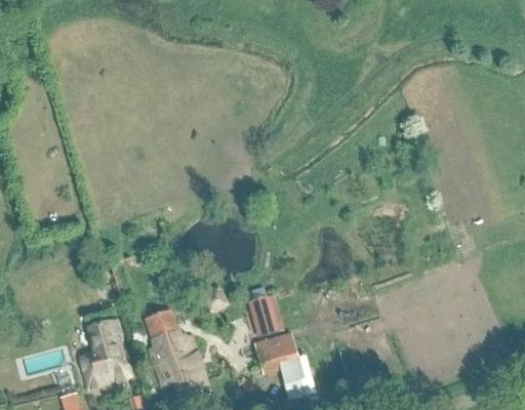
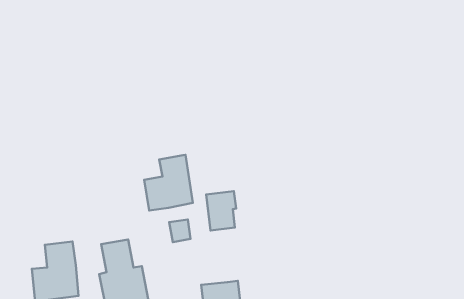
building: none -> [144,155,193,211]
building: [248,291,283,335] -> [206,191,236,230]

